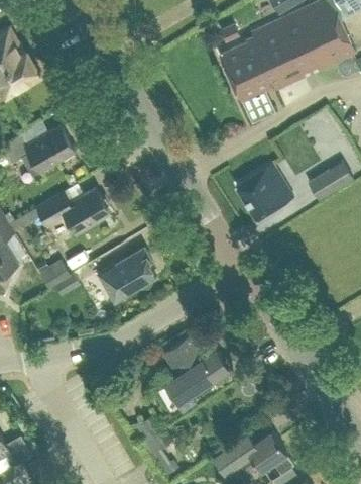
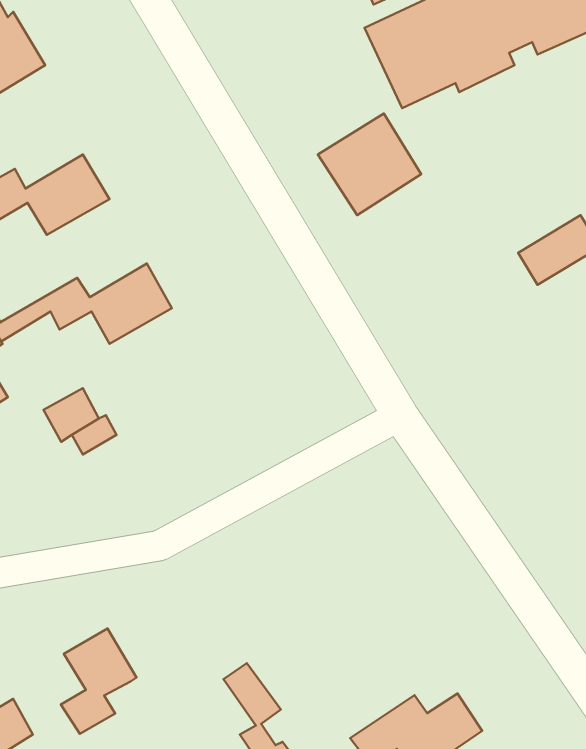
building: [234,164,292,221] -> [318,114,421,215]
building: [97,249,155,304] -> none
building: [155,337,228,408] -> none
building: none -> [61,629,136,734]

